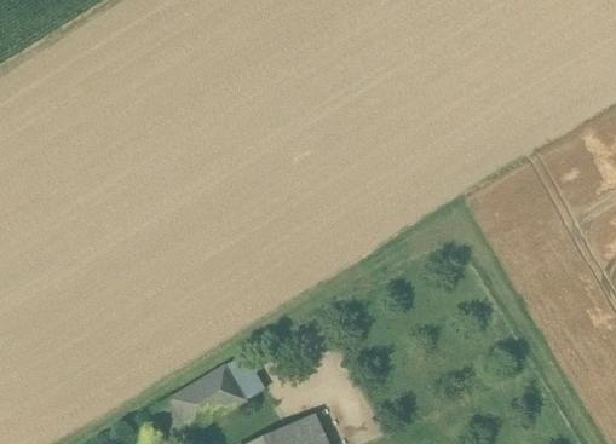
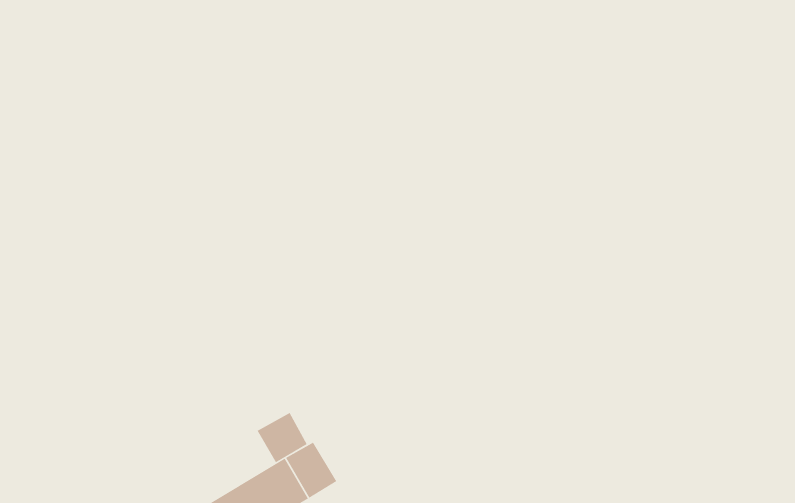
building: none -> [257,412,307,463]

